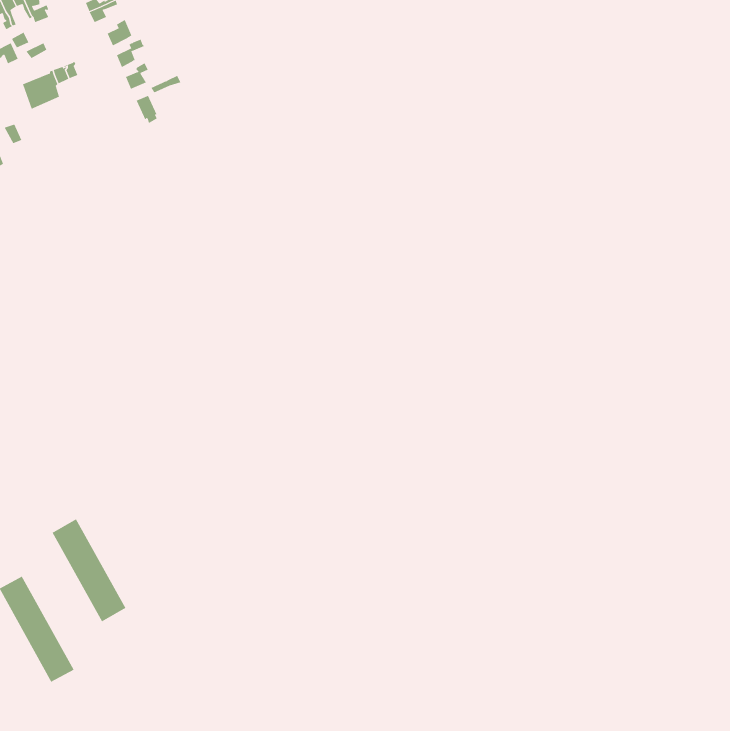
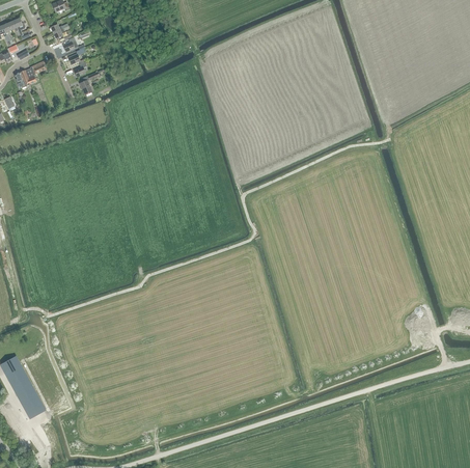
building: [52,518,126,622] -> none

